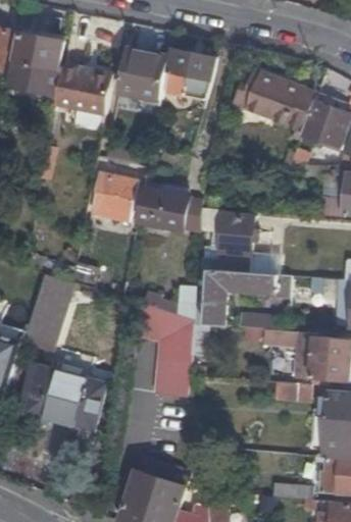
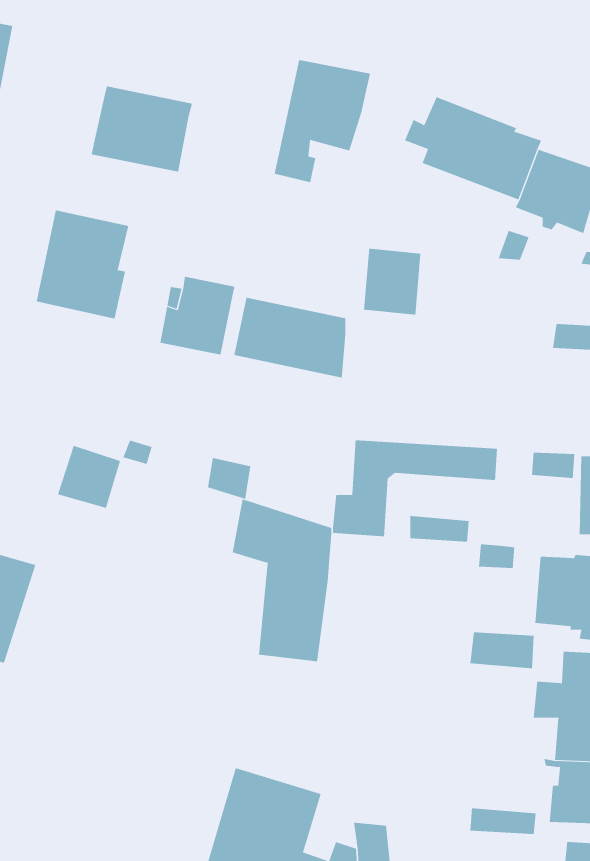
building: [9,32,63,95] -> [36,210,129,319]
building: [116,49,168,100] -> none
building: [218,214,252,253] -> [363,248,421,315]
building: [20,363,105,431] -> none

